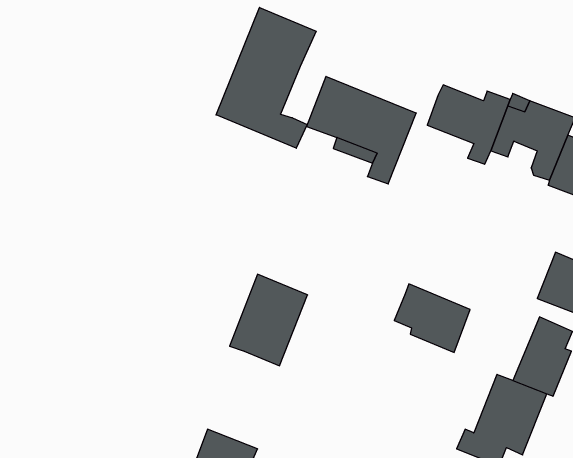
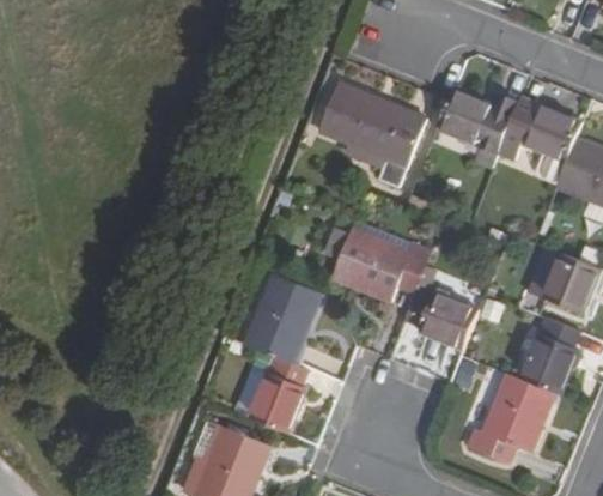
building: [216,7,316,148] -> none
building: none -> [333,228,433,300]
building: none -> [248,350,306,433]

